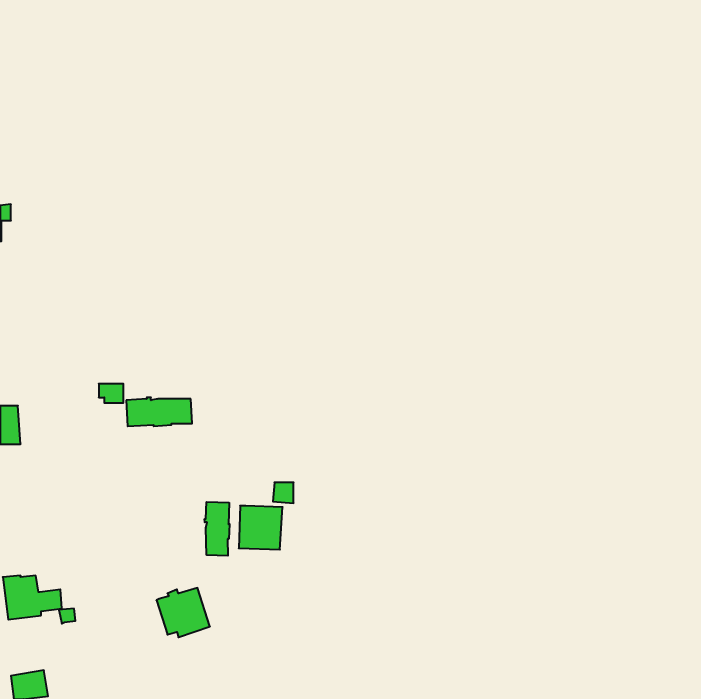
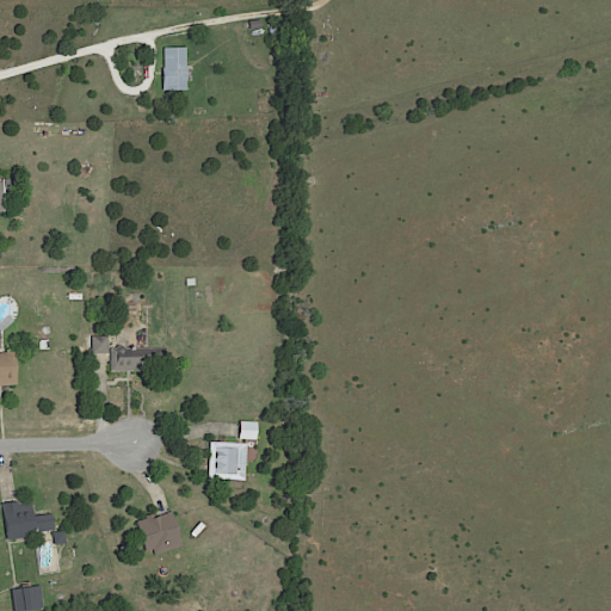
building: none -> [163,48,187,90]
building: [205,502,230,556] -> none

